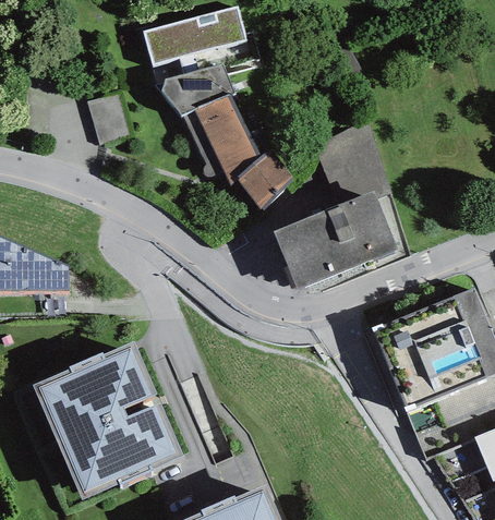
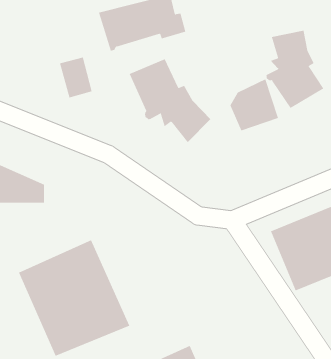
building: none -> [266,30,324,109]
building: [157,62,234,116] -> none
building: [274,191,398,289] -> none

